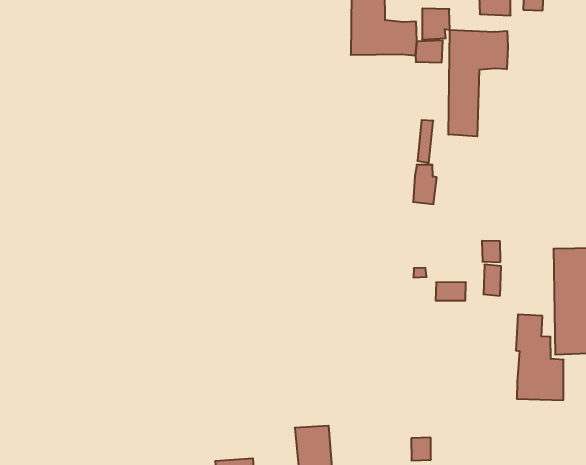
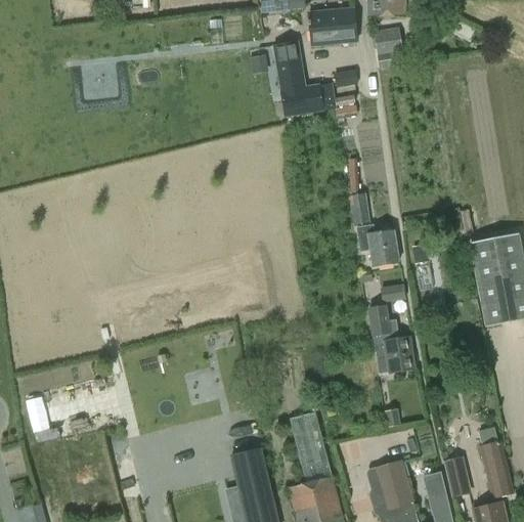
building: [448,30,508,136] -> none
building: none -> [356,225,398,265]
building: [516,314,564,400] -> [367,304,414,373]

